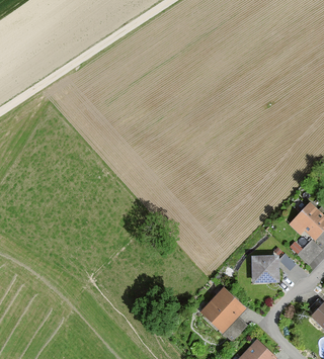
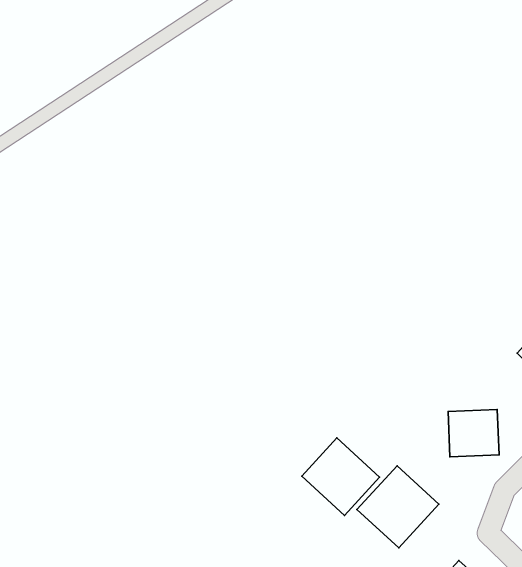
building: none -> [302,438,380,515]

